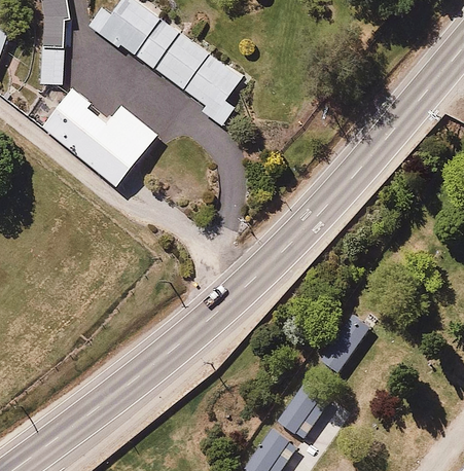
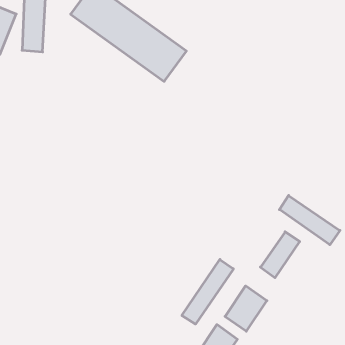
building: [35,83,156,186] -> none
building: none -> [279,195,340,245]
building: none -> [182,259,233,324]

